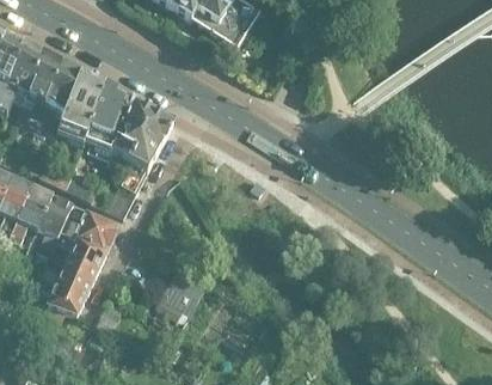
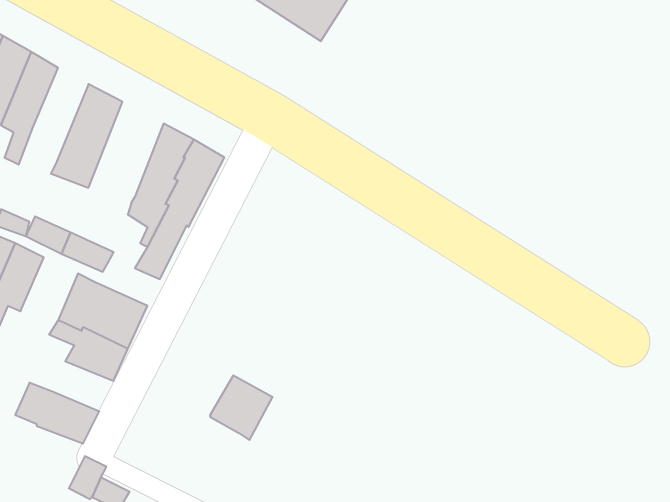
building: [33,63,80,133] -> none
building: [80,86,130,153] -> none
building: [35,190,73,252] -> none
building: [41,259,97,293] -> none

